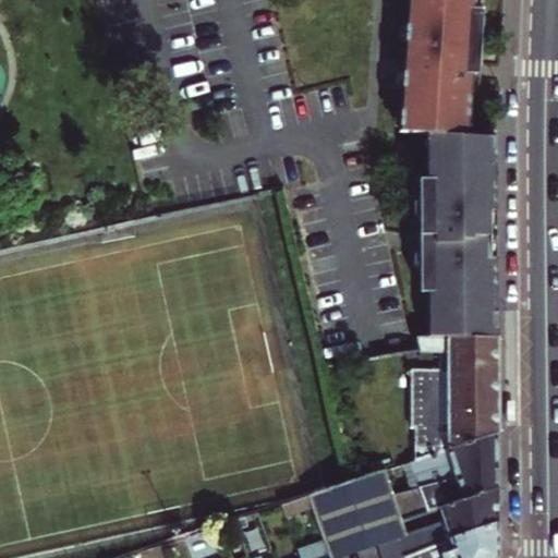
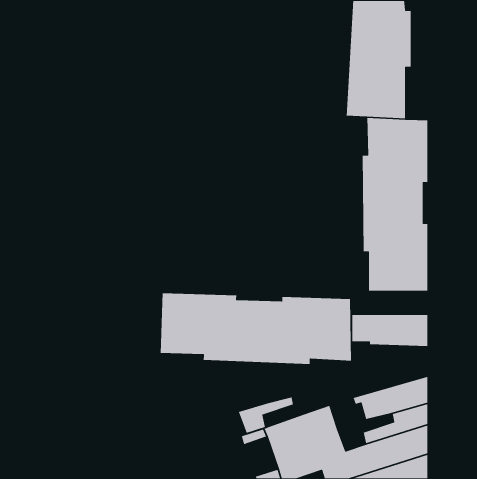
building: [416,339,498,365] -> none
building: none -> [160,292,352,365]
building: [414,401,498,461] -> none
building: [392,481,458,524] -> [238,396,294,434]

